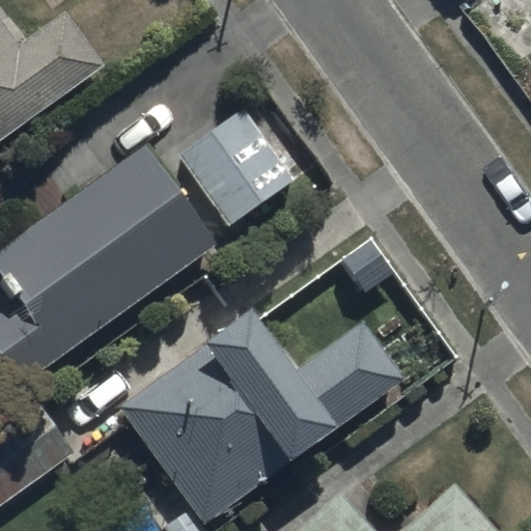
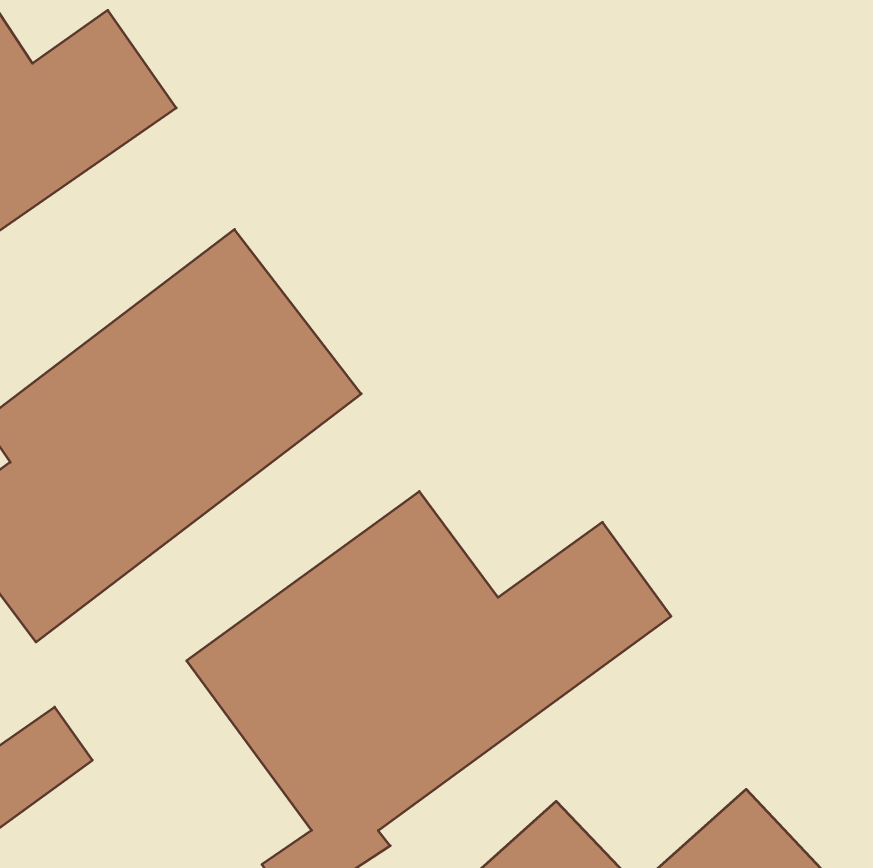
building: [177,106,294,225] -> none

